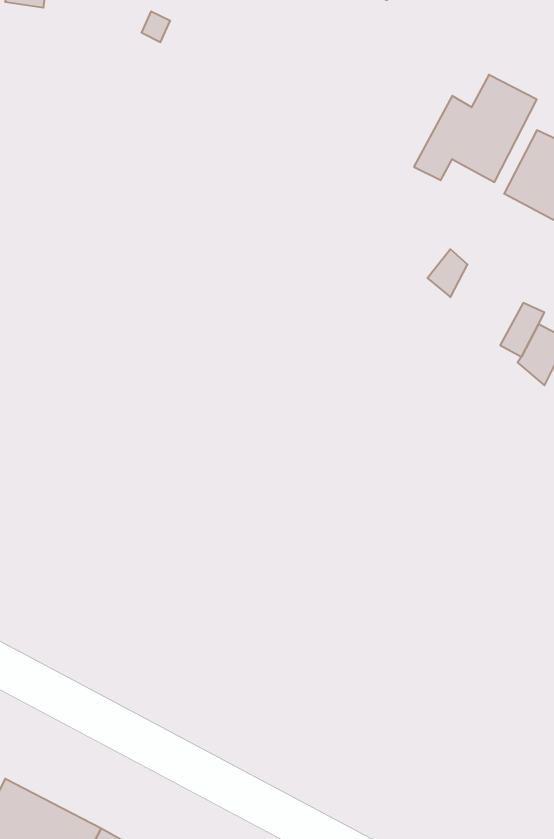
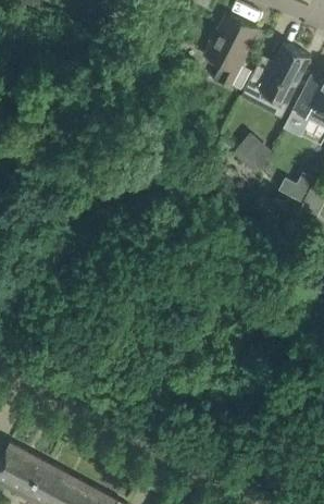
building: none -> [207,14,259,87]

